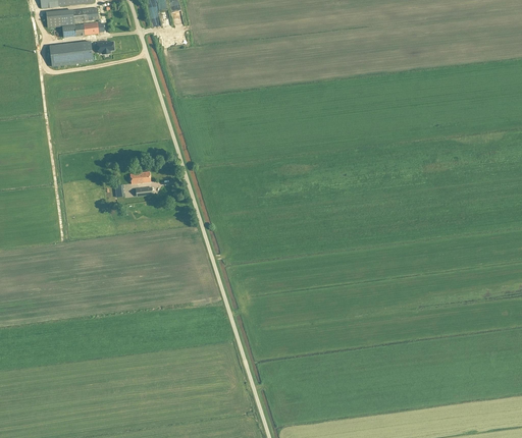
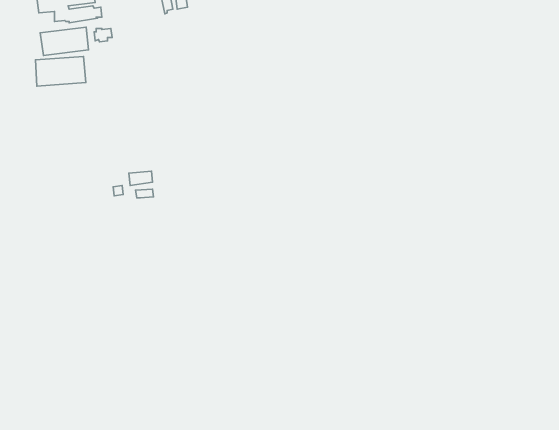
building: none -> [36,56,86,86]

